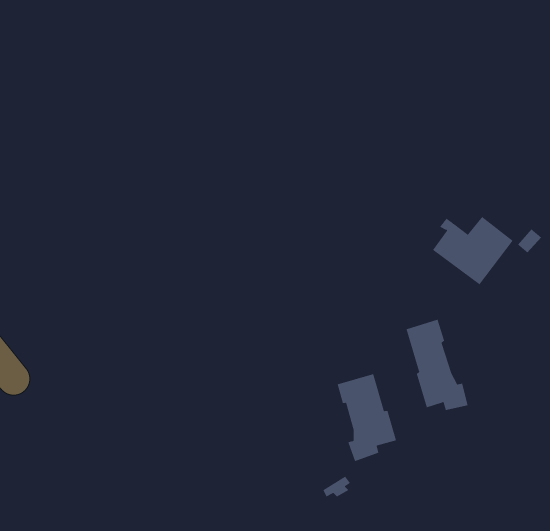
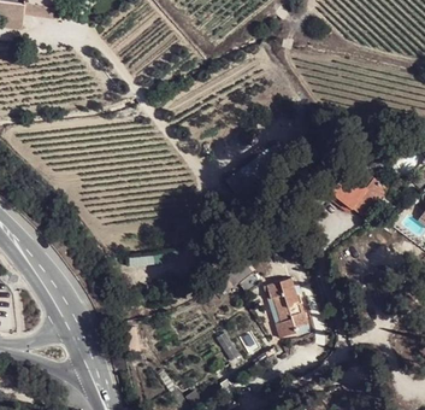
building: [406,319,468,411] -> none

